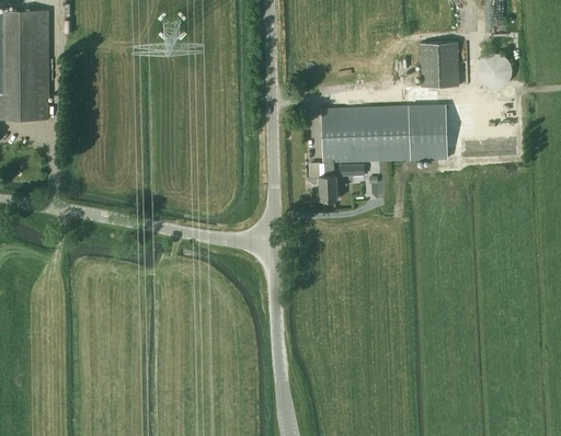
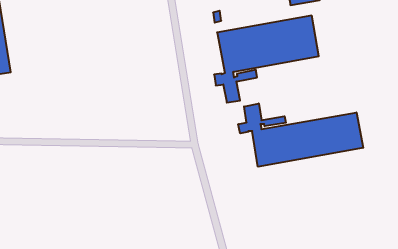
building: none -> [238,103,363,167]

